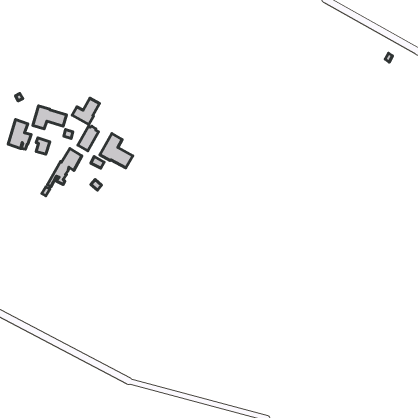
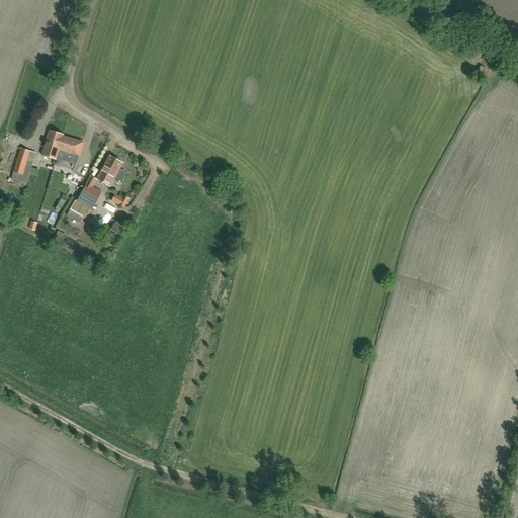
building: [72,98,100,124] -> none
building: [100,134,133,168] -> none

